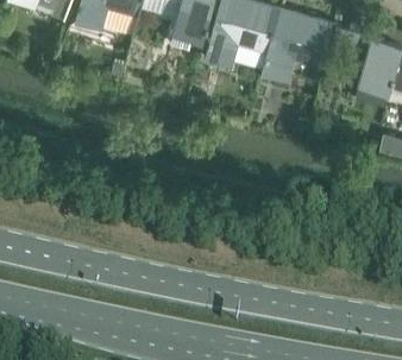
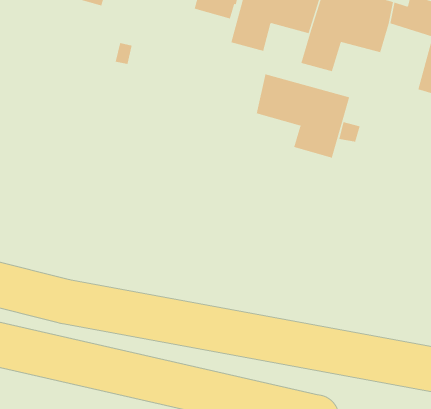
building: none -> [256,73,350,159]

